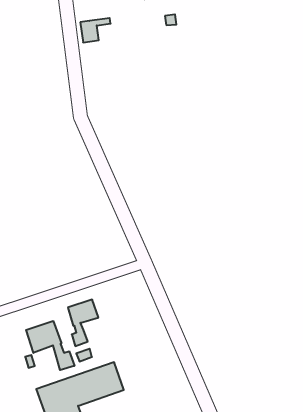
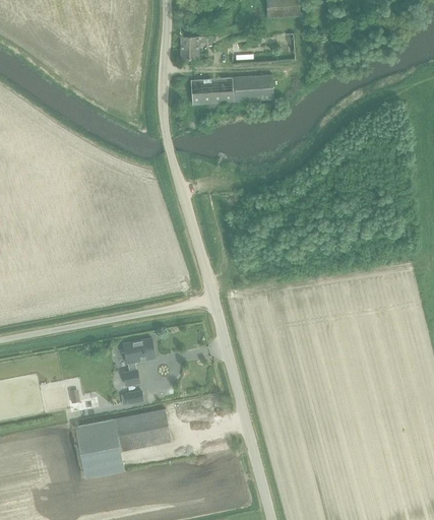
building: none -> [190,75,273,105]
building: [26,321,74,370] -> none

